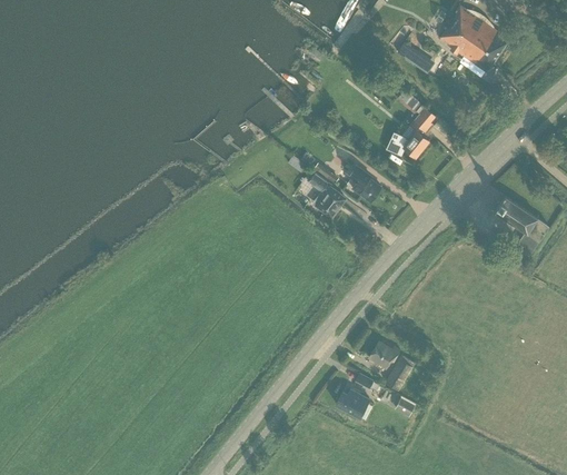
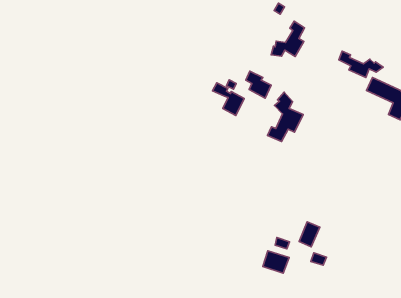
building: none -> [339,51,383,78]
building: none -> [268,92,303,141]
building: [368,339,399,366] -> none

